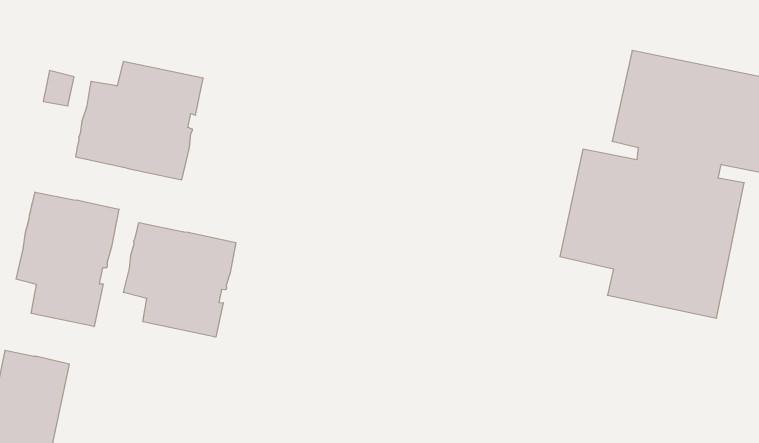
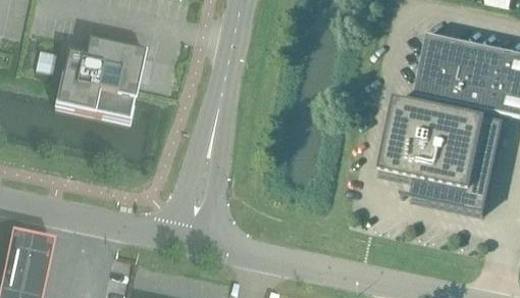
building: [16,192,119,327] -> none
building: [124,223,236,337] -> none

